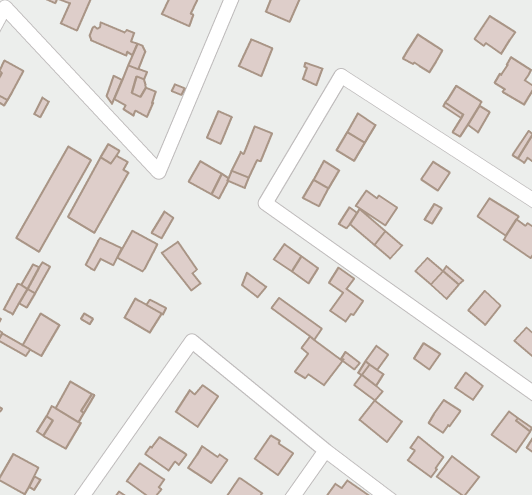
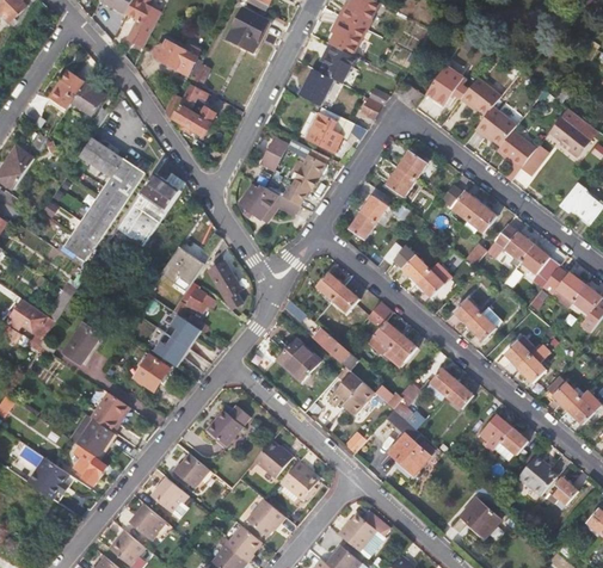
building: none -> [319,43,355,85]
building: [475,16,515,54] -> [475,106,516,144]
building: none -> [424,67,464,106]
building: none -> [72,82,105,117]
building: none -> [306,106,352,152]
building: none -> [79,138,123,183]
building: none -> [494,224,534,261]
building: [356,191,397,225] -> [441,185,481,221]
building: [86,238,122,270] -> [172,286,209,317]
building: none -> [519,345,549,383]
building: none -> [384,335,417,368]
building: none -> [278,340,321,383]
building: none -> [153,333,189,368]
building: none -> [424,368,457,402]
building: none -> [133,356,168,391]
building: [429,400,460,433] -> [496,428,528,461]
building: [408,437,443,477] -> none
building: [188,446,227,483] -> [256,440,295,477]
building: none -> [81,456,121,487]

